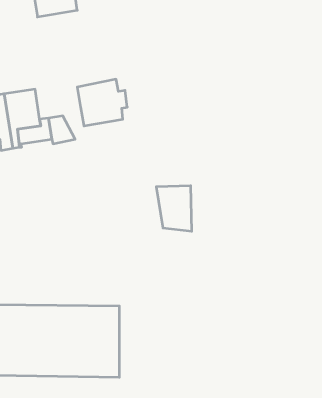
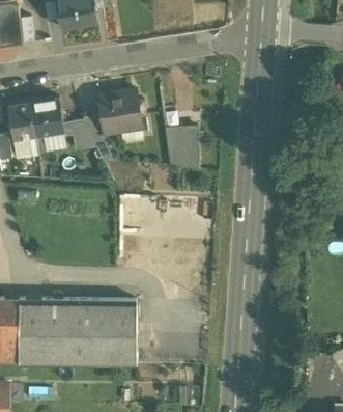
building: none -> [84,114,110,159]
building: [156,186,192,231] -> [167,127,200,169]

